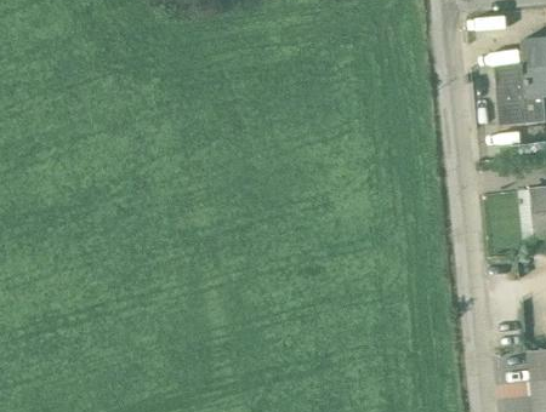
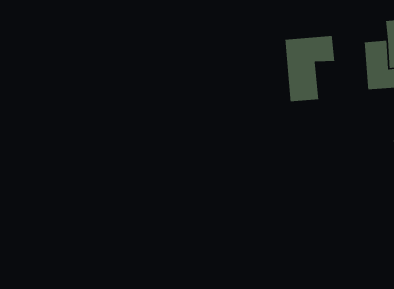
building: none -> [285,35,335,102]

